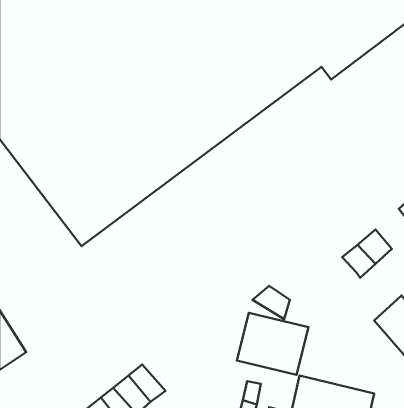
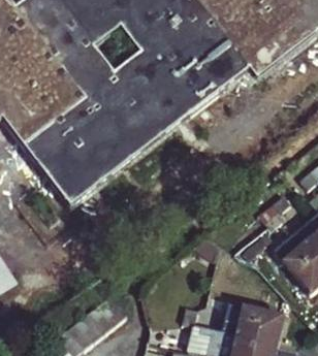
building: [237,313,309,375] -> none

